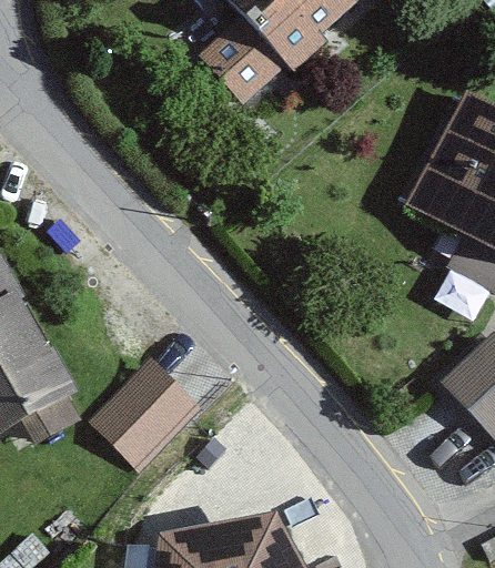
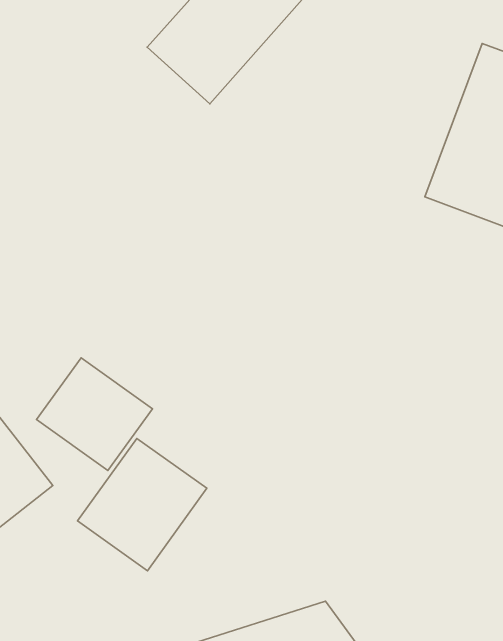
building: none -> [36,358,153,471]

